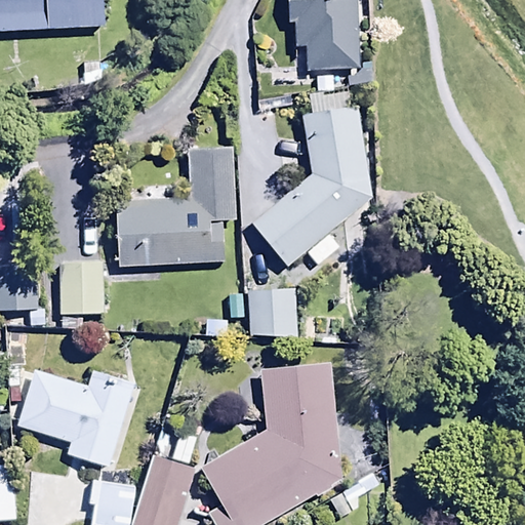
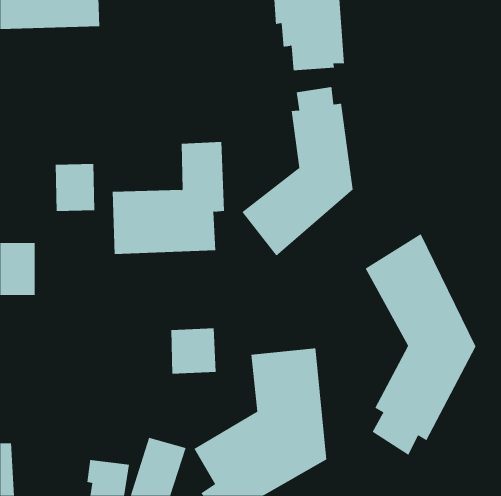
building: none -> [365,233,476,456]
building: [60,264,103,314] -> [55,163,95,212]
building: [249,289,297,337] -> [170,328,217,374]
building: [16,368,136,468] -> none

